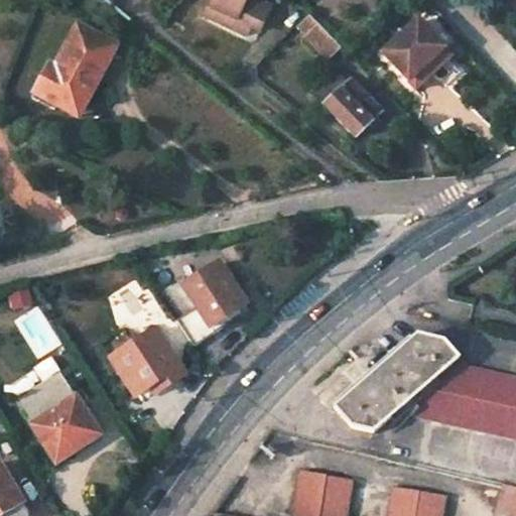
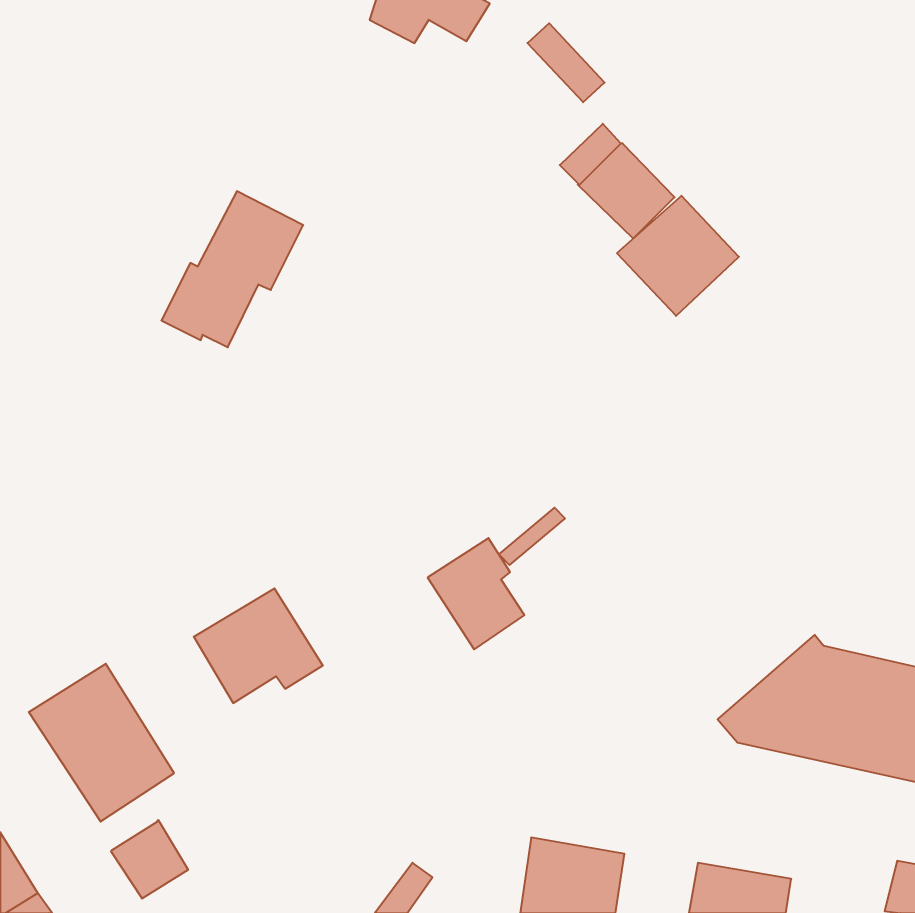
building: [380,20,448,88] -> [617,196,739,316]
building: [34,26,114,114] -> [161,191,303,347]
building: [183,263,238,326] -> [428,538,524,649]
building: [334,336,459,430] -> none
building: none -> [111,820,188,899]

